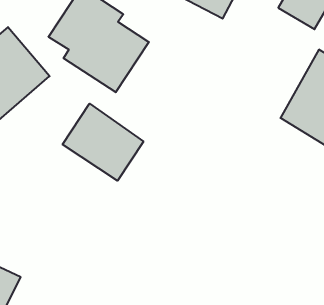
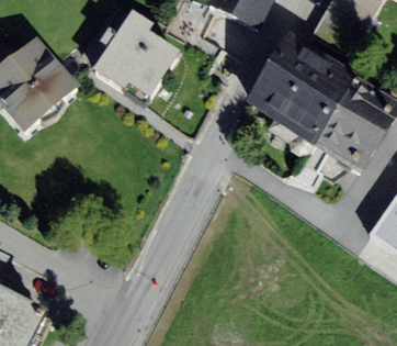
building: none -> [247,30,358,142]
building: [63,104,143,181] -> none

